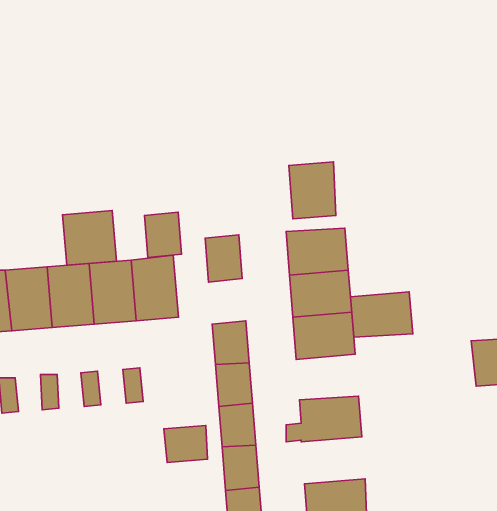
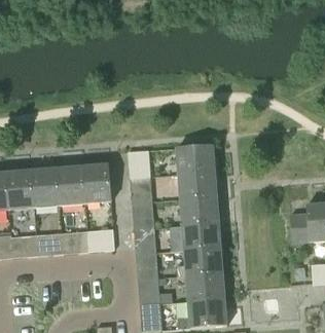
building: [289,162,336,219] -> none
building: [62,211,116,265] -> none
building: [144,212,181,258] -> [130,176,152,203]
building: [350,292,413,337] -> [183,222,221,250]
building: [164,426,208,463] -> [87,228,114,251]
building: none -> [186,272,225,301]

